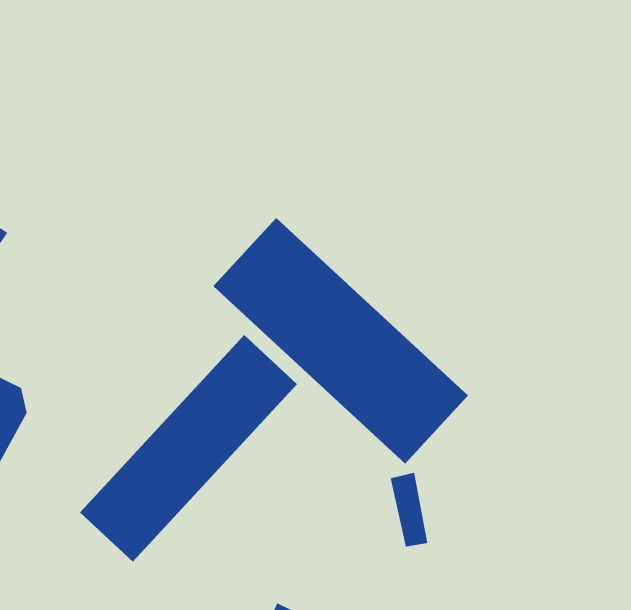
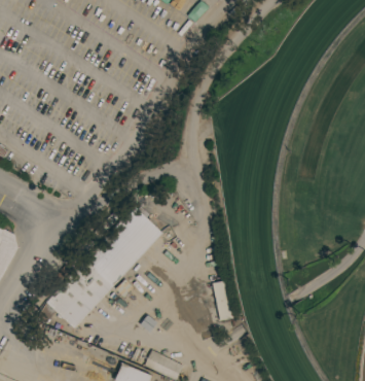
building: [212,217,469,465] -> none

